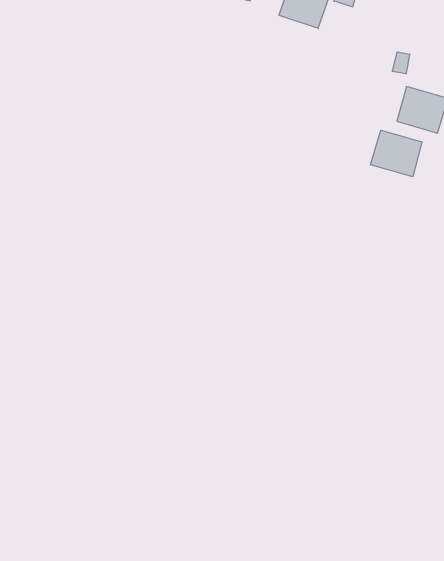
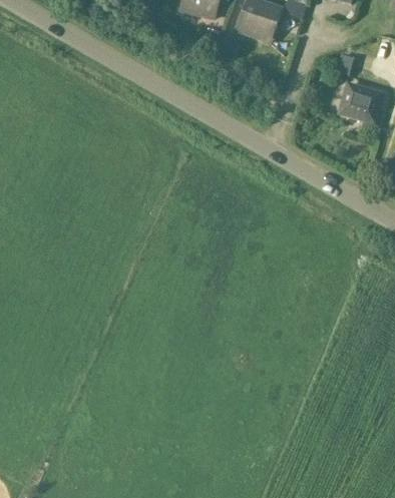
building: [371,130,422,177] -> none

